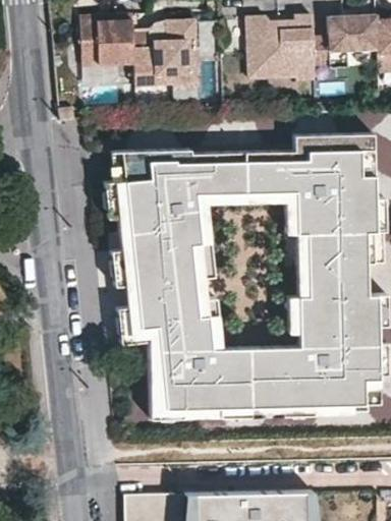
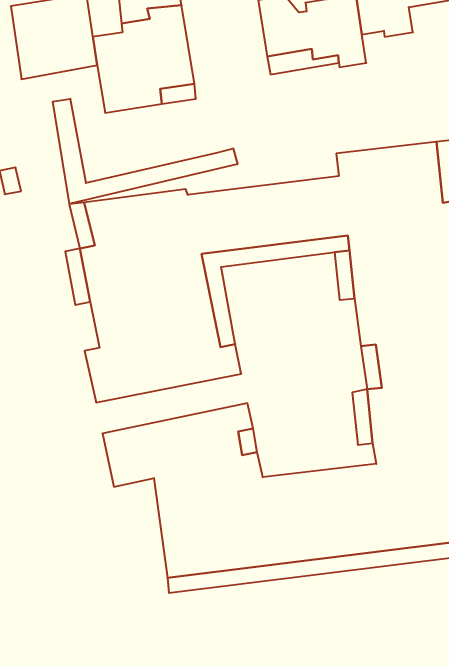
building: none -> [53,99,237,204]
building: [116,279,218,309] -> none

